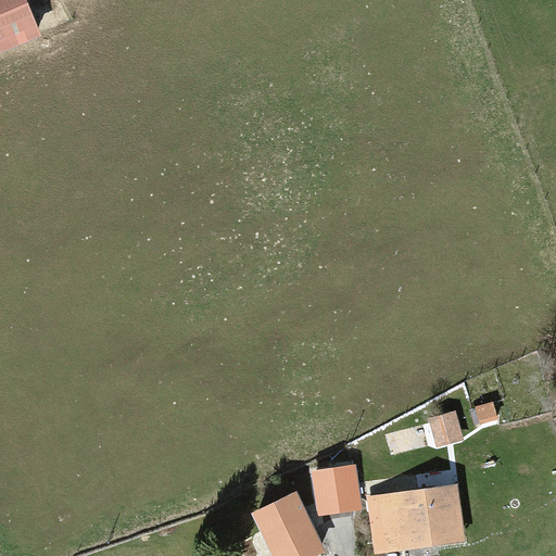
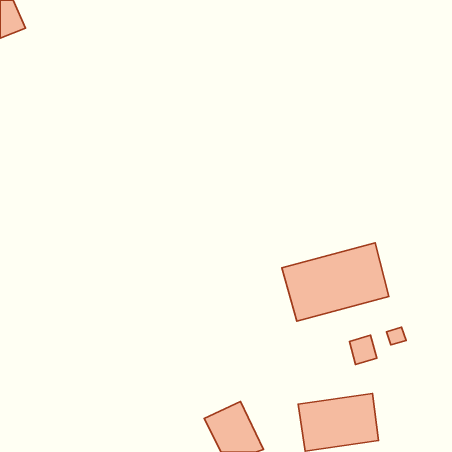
building: none -> [282,243,389,321]
building: [311,465,362,516] -> none

